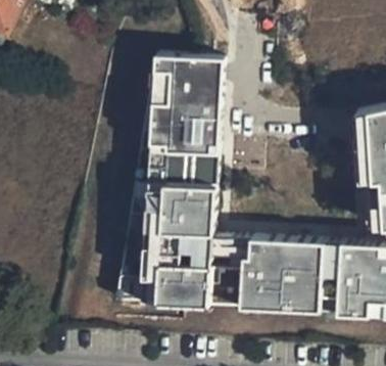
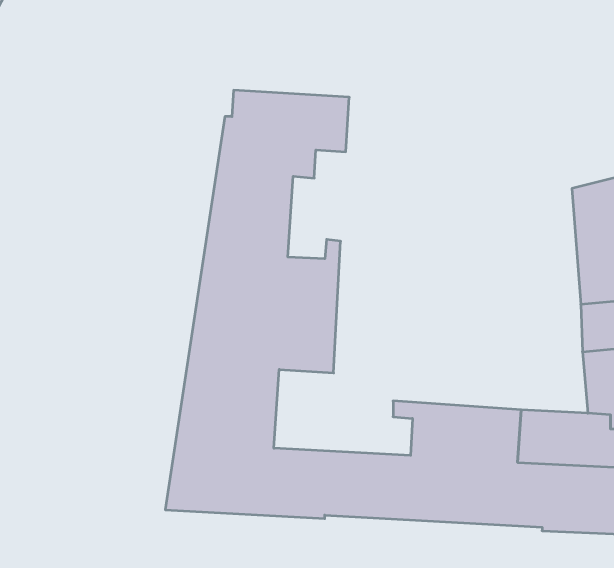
building: [190,92,224,155] -> none
building: [182,220,262,270] -> none

